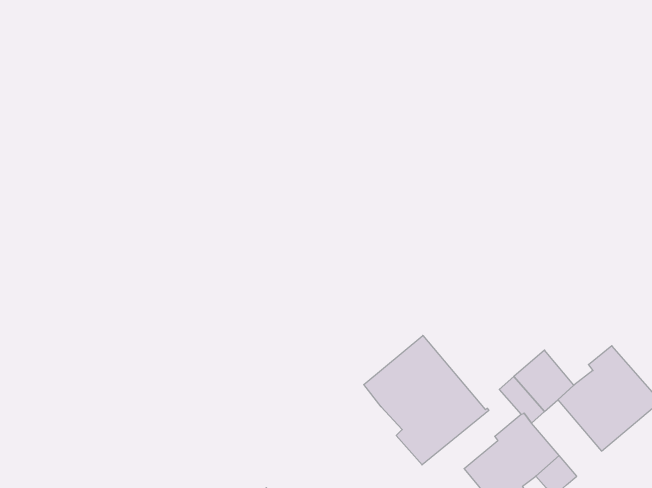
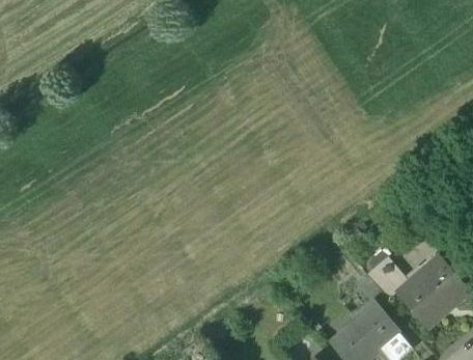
building: [364,335,489,465] -> none

